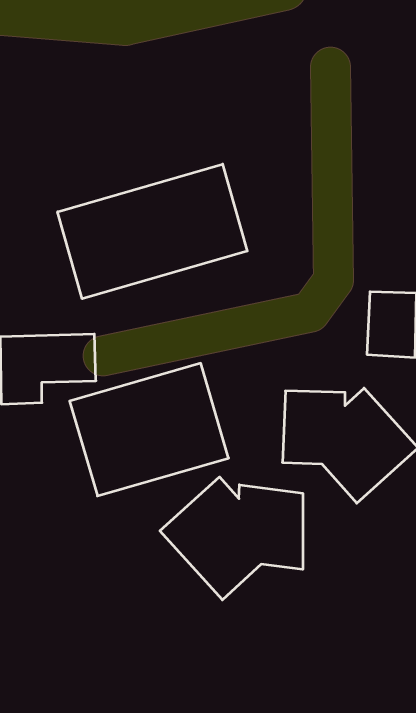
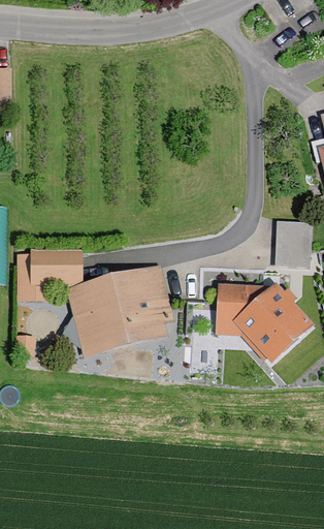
building: [58,164,247,299] -> none
building: [160,477,303,600] -> none

